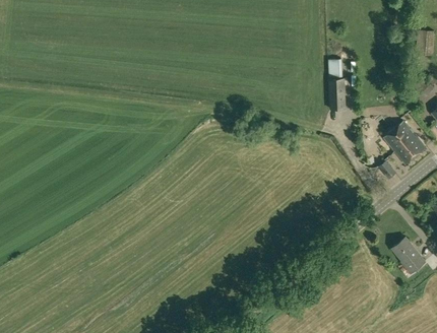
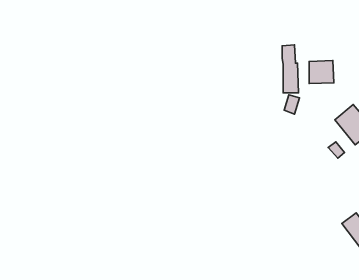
building: none -> [309,61,334,83]

